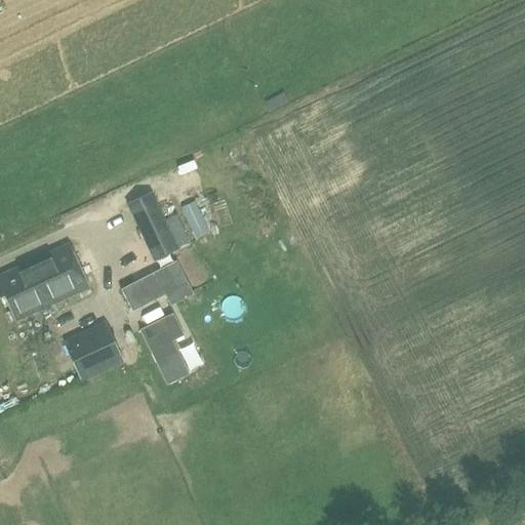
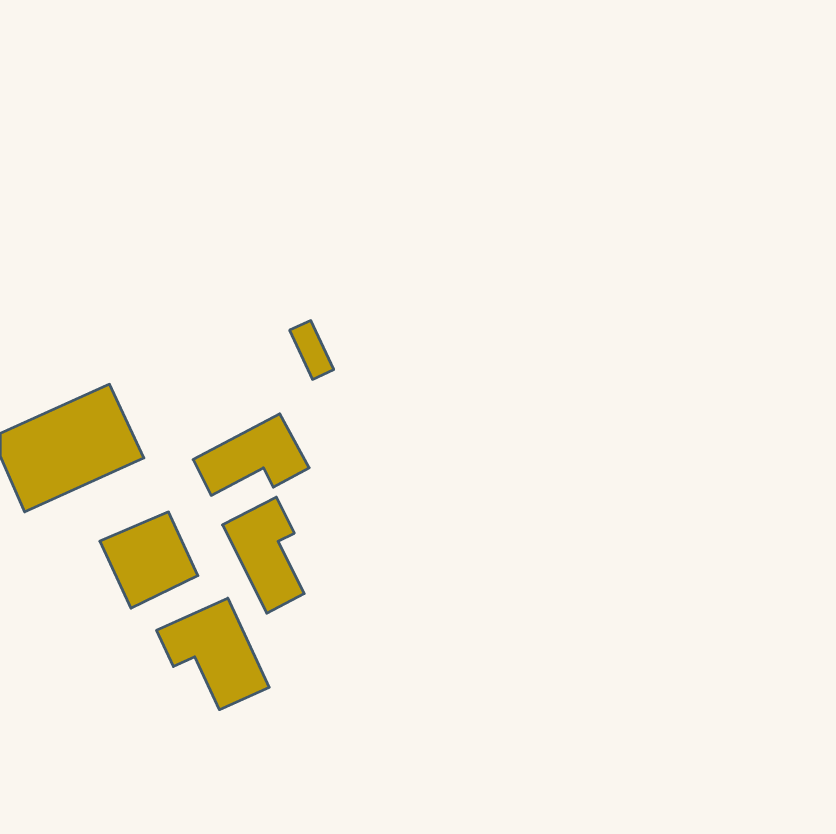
building: [127,190,179,261] -> none
building: none -> [157,598,269,710]

